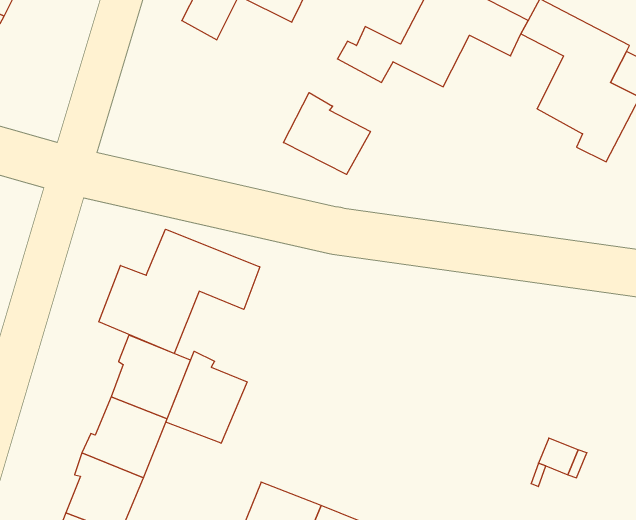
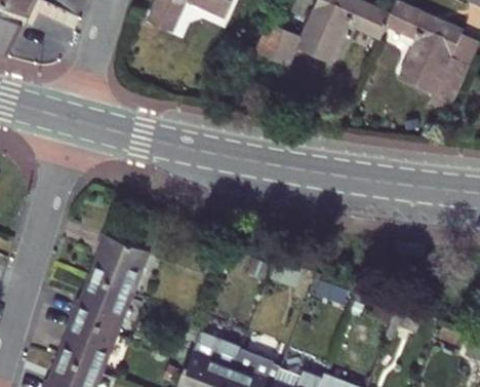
building: [283,93,370,174] -> none
building: [99,229,260,353] -> none
building: [166,351,247,443] -> none

